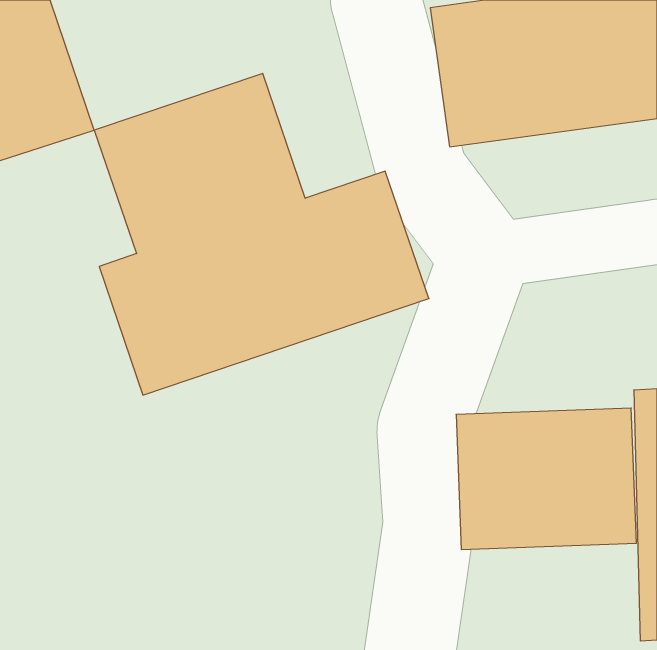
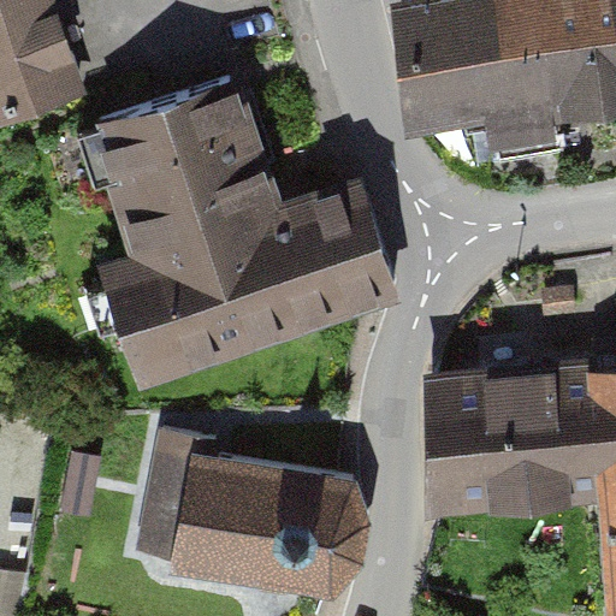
building: none -> [137,433,367,588]

